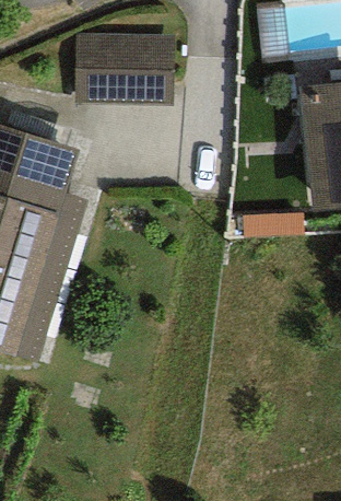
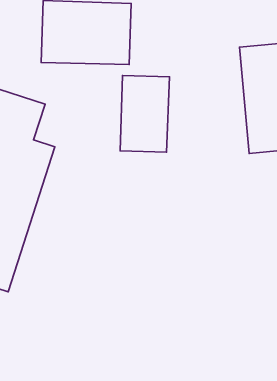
building: none -> [120,75,170,152]

